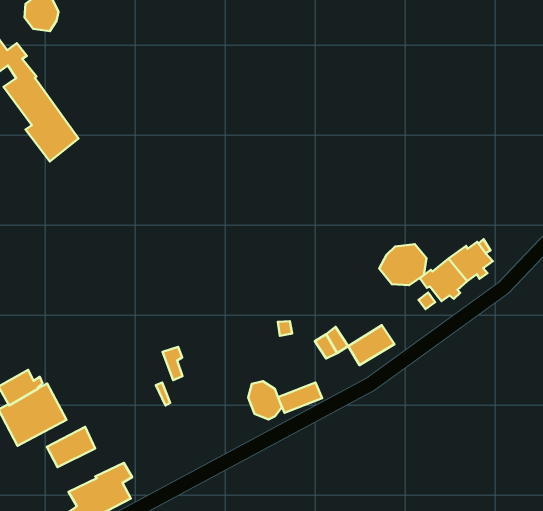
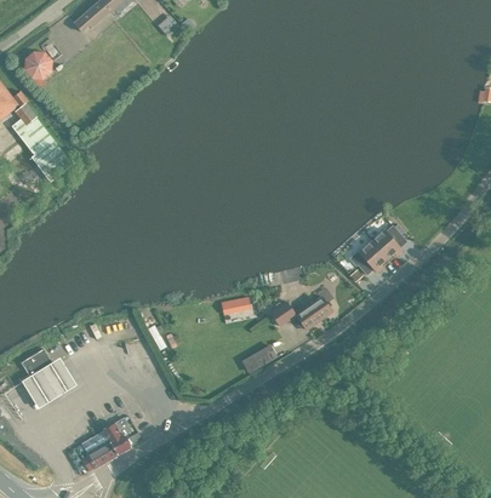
building: [379,244,426,285] -> none
building: [248,381,282,420] -> none
building: [47,427,95,467] -> none

